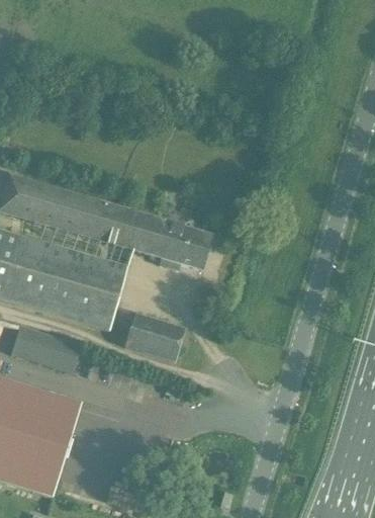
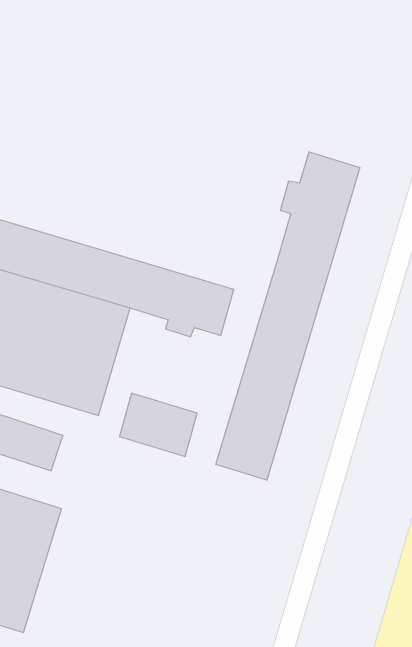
building: none -> [216,152,360,480]

